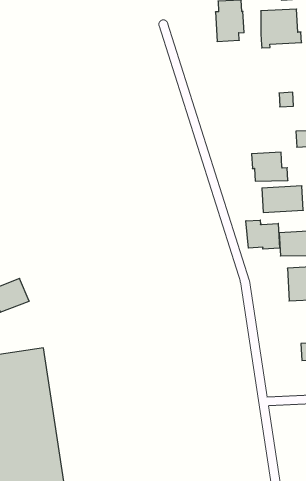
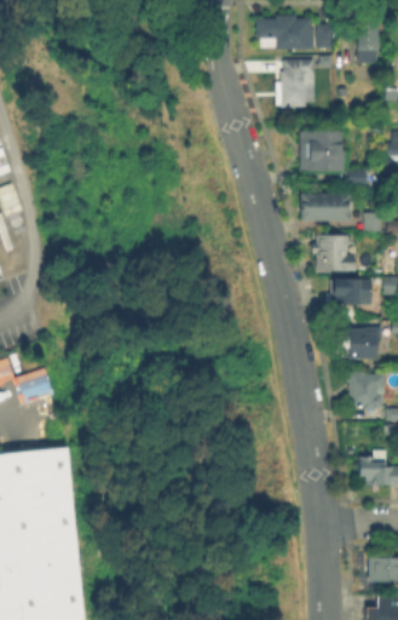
building: [261,9,302,48] -> [300,132,346,174]
building: none -> [300,196,348,223]
building: [246,220,280,249] -> none

